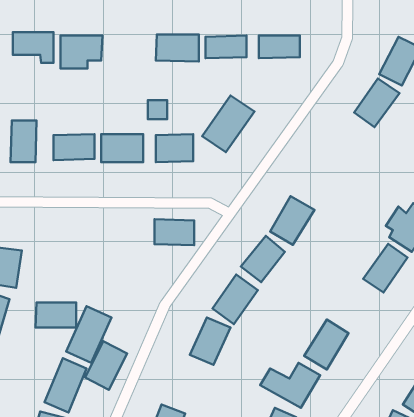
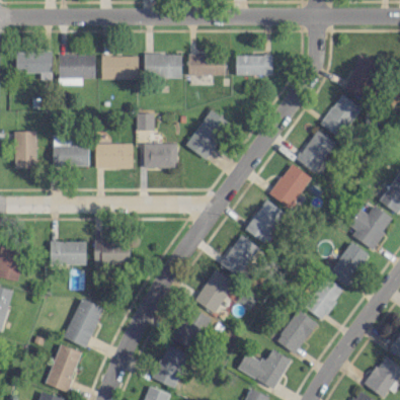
building: none -> [101,55,139,79]
building: none -> [296,130,336,172]
building: none -> [269,162,311,208]
building: [155,219,194,245] -> [94,240,130,263]
building: none -> [306,276,344,319]
building: [35,303,76,327] -> [50,241,86,263]
building: [85,341,127,390] -> [152,344,189,388]

